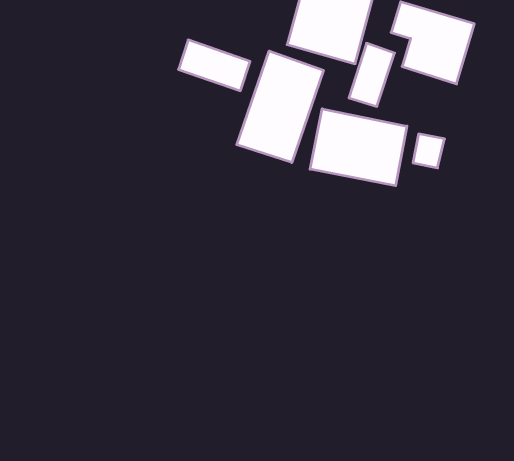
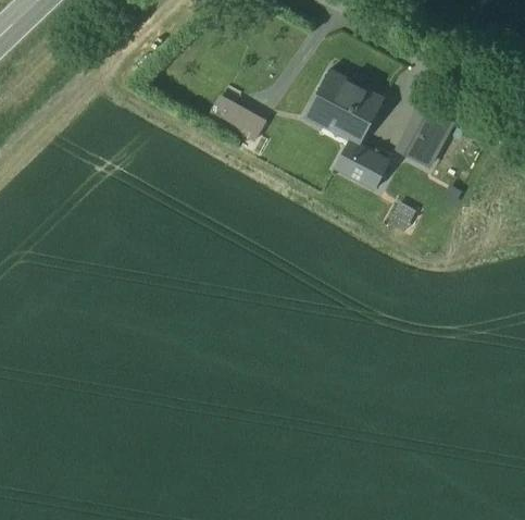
building: [237,51,323,163] -> none
building: [310,109,407,186] -> none

